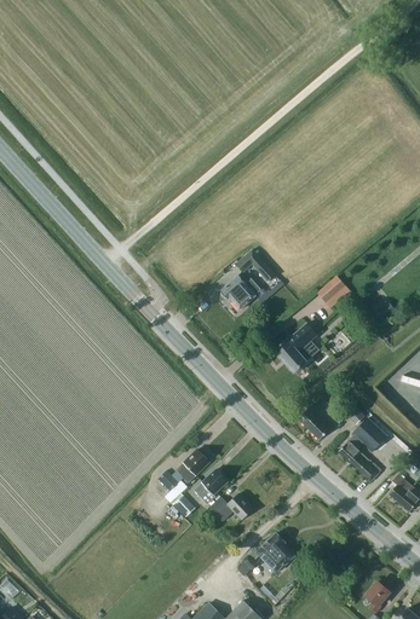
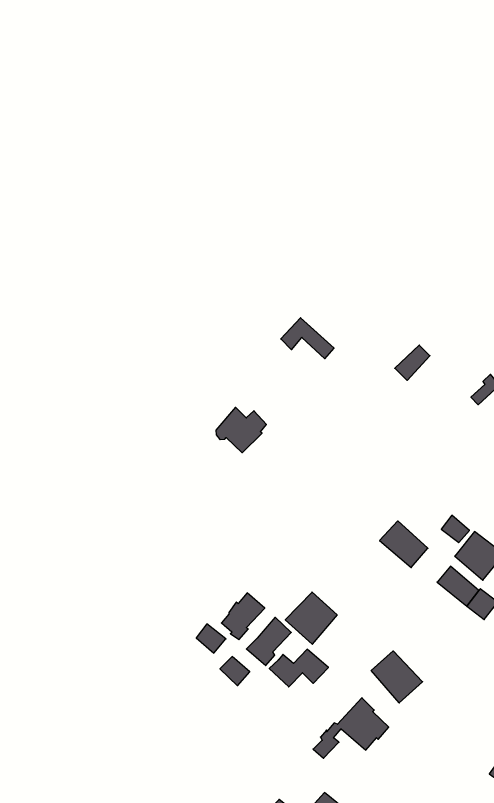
building: [221,276,259,310] -> [216,407,266,453]
building: [274,323,318,372] -> none
building: none -> [285,592,337,644]
building: none -> [371,651,423,703]

